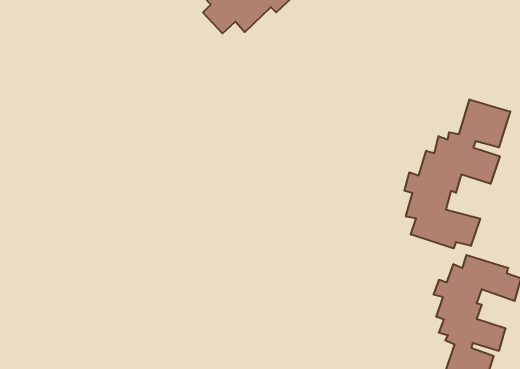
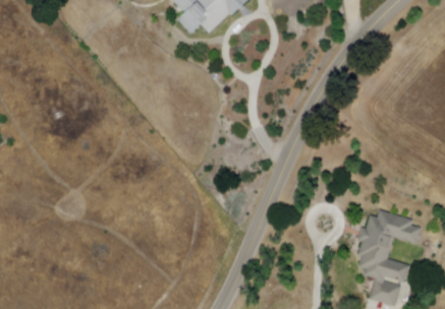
building: [404,99,510,248] -> none

